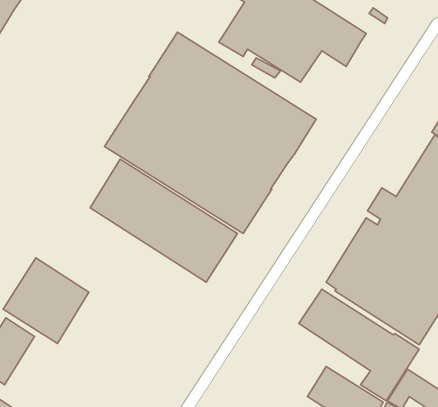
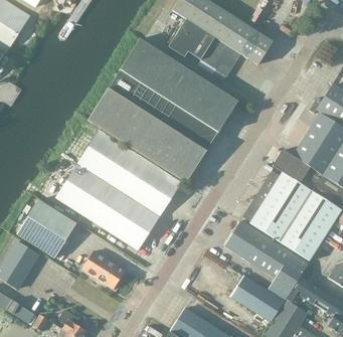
building: none -> [55,163,159,249]
building: none -> [81,250,124,288]

